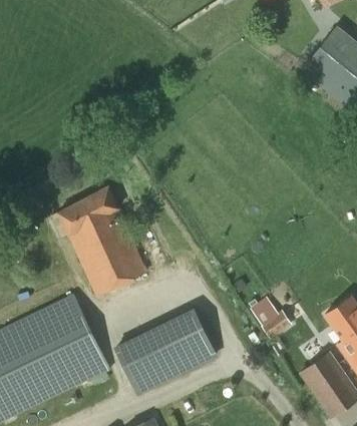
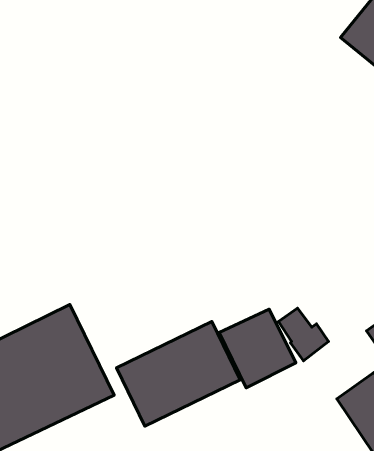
building: [57,186,147,295] -> none
building: none -> [219,309,296,388]

